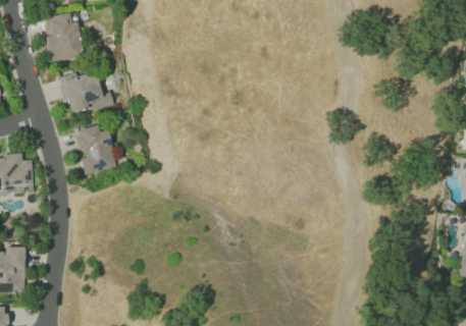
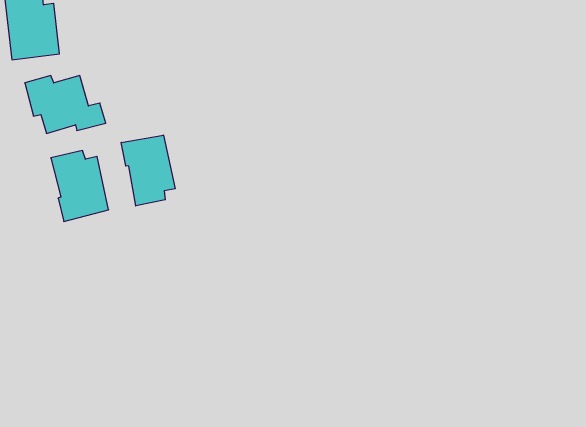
building: none -> [121,135,175,206]

